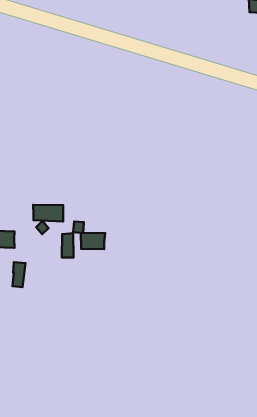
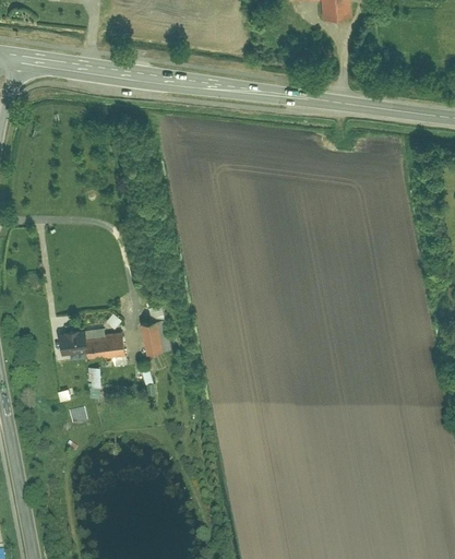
building: [33,205,63,221] -> [84,334,123,358]
building: [81,233,105,249] -> none

